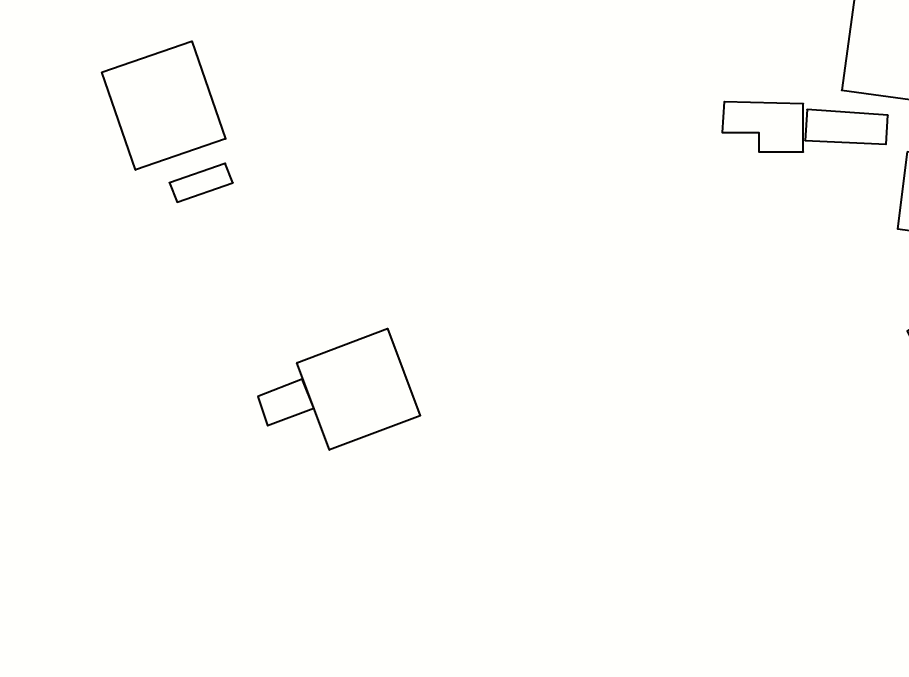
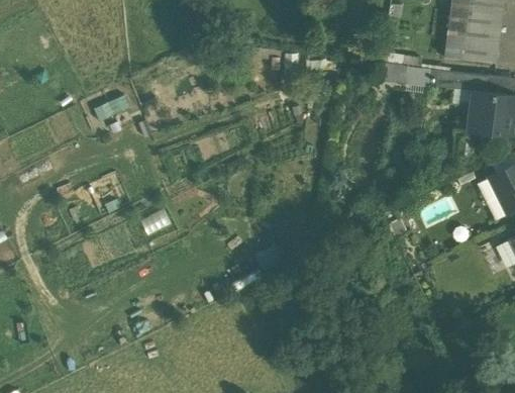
building: [102,41,226,170] -> none
building: [297,329,420,450] -> none

